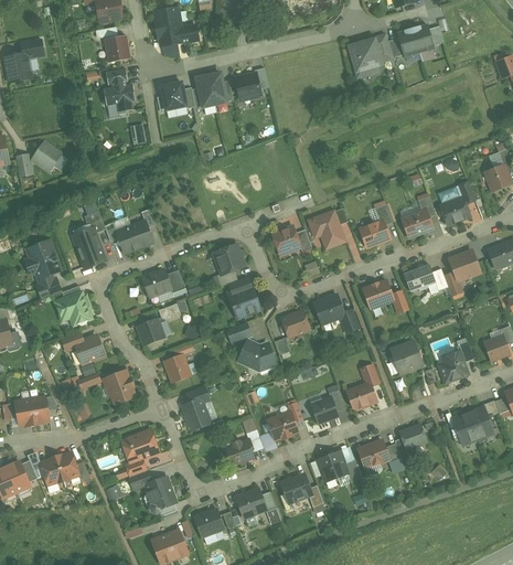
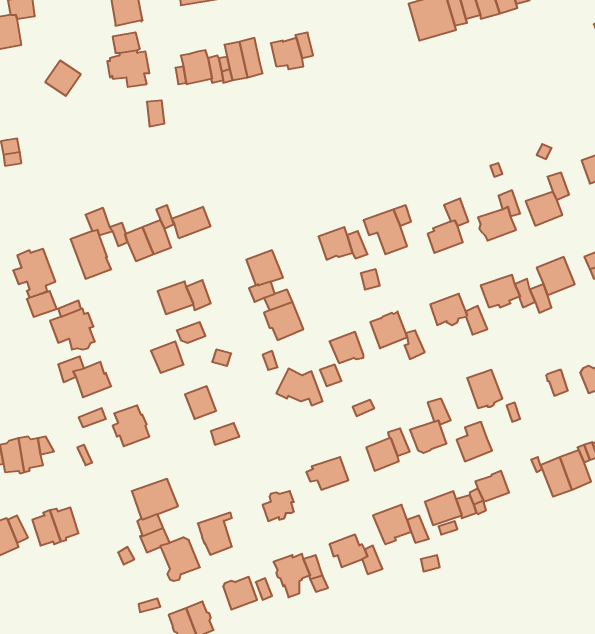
building: [32,141,61,170] -> [45,61,81,96]
building: none -> [172,207,210,238]
building: [439,350,468,382] -> [457,422,492,461]
building: [182,395,210,429] -> [198,513,232,555]

